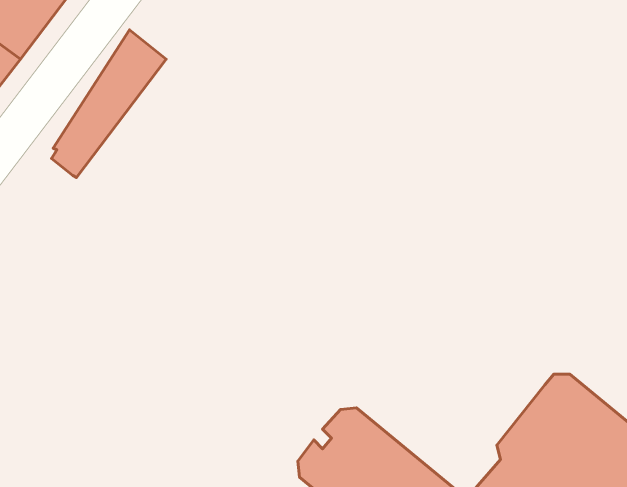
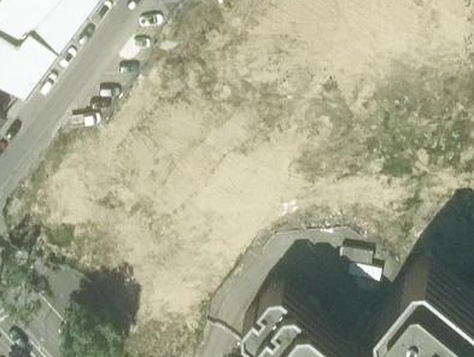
building: [52,30,166,177] -> none

